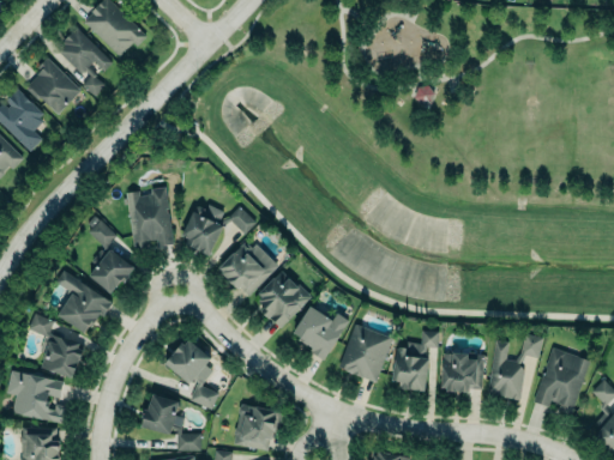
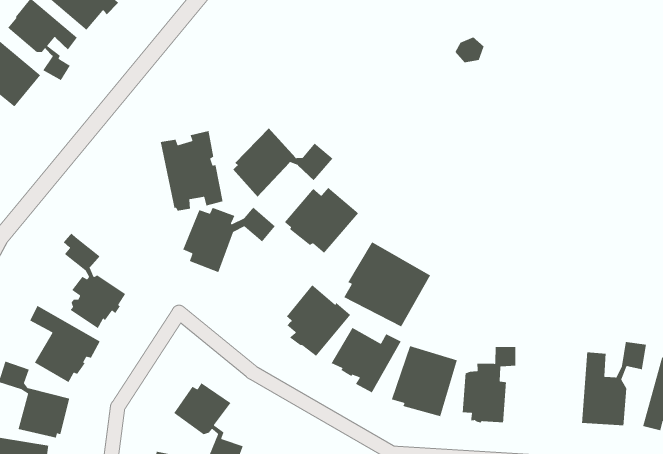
building: none -> [232,128,333,197]
building: [126,187,173,249] -> [160,130,224,212]
building: none -> [343,241,431,328]
building: [218,243,278,296] -> [284,187,359,254]
building: [441,353,483,393] -> none

